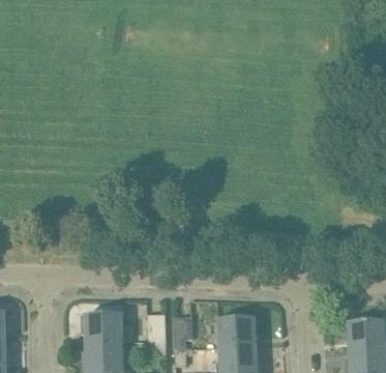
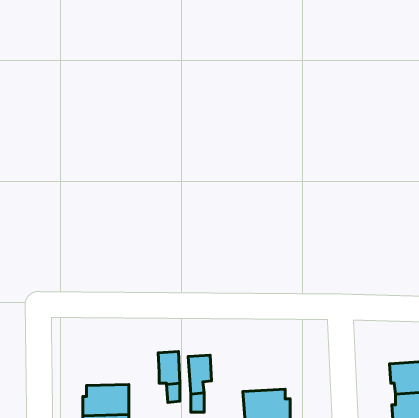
building: [81,315,121,342] -> none
building: [217,318,258,347] -> none

